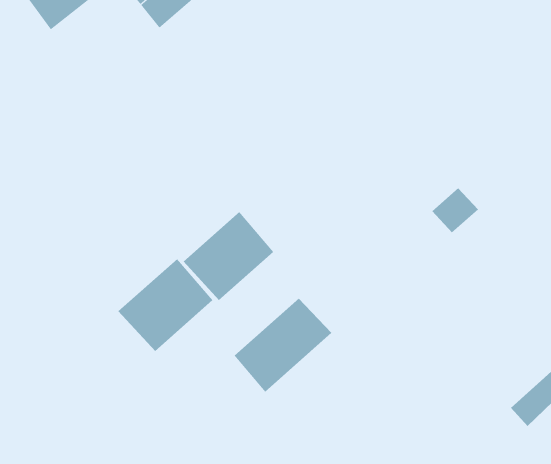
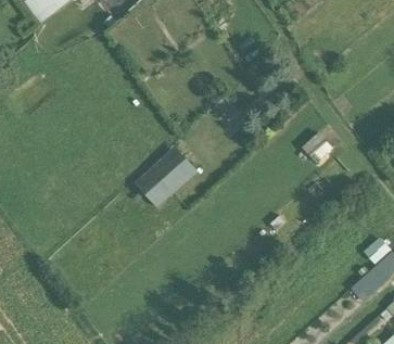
building: [118,258,213,352] -> none
building: [234,298,332,392] -> none

